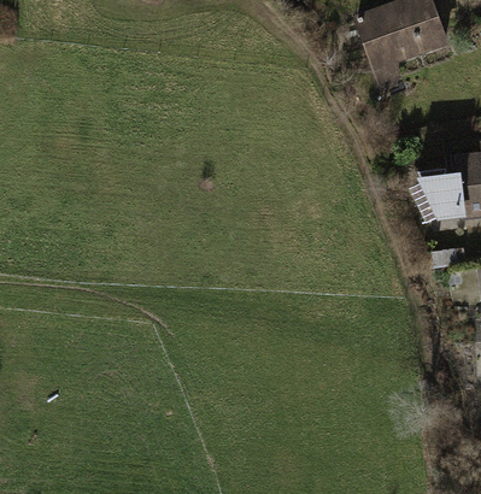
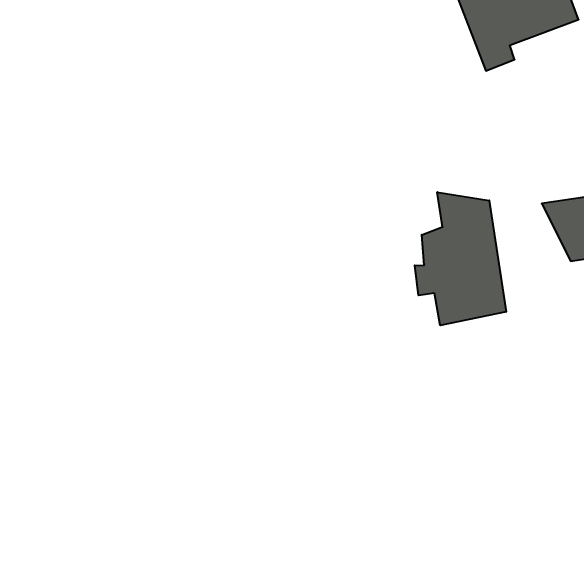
building: none -> [415,192,506,325]

